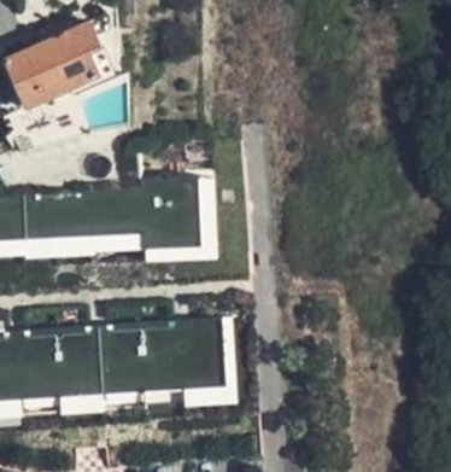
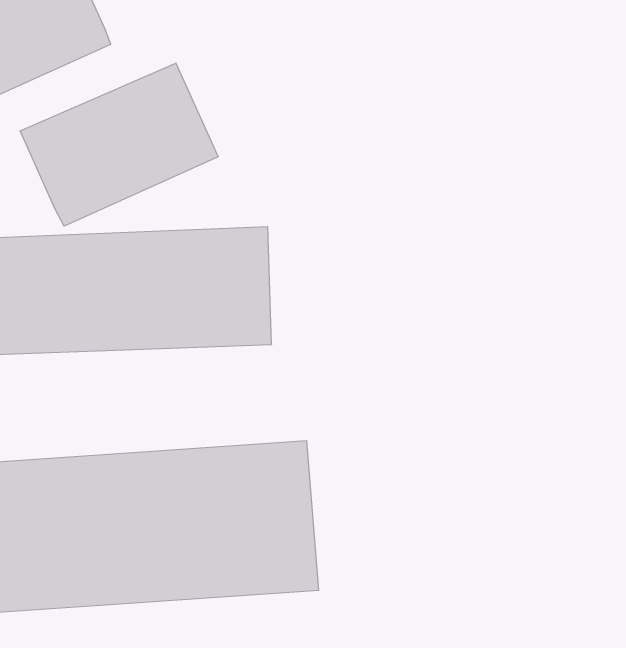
building: none -> [20,63,218,226]

